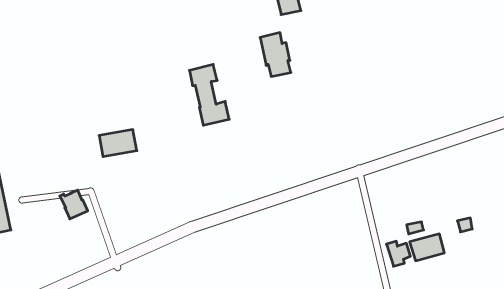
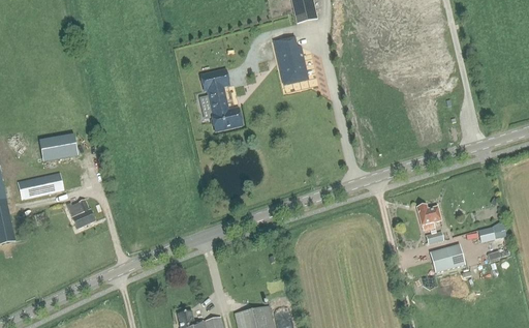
building: [99,130,137,157] -> [38,133,77,161]
building: none -> [18,175,56,199]
building: [386,241,410,266] -> [416,204,441,230]

